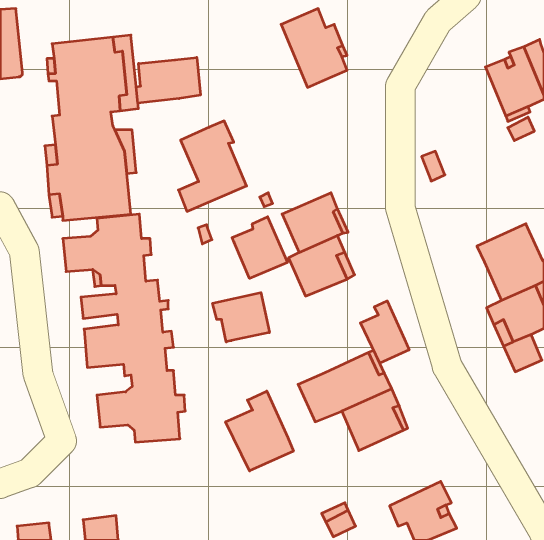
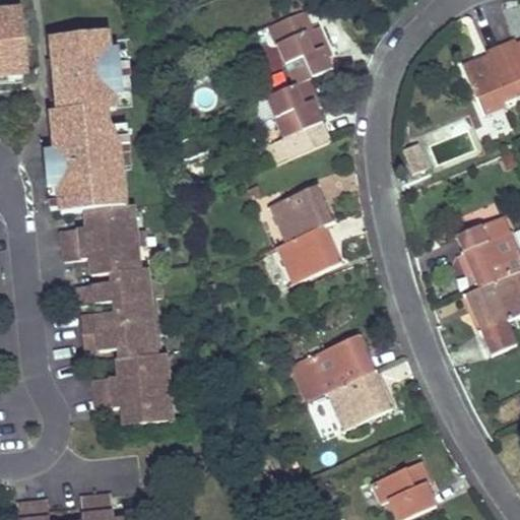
building: [136,57,200,103] -> none
building: [178,121,247,211] -> [264,77,329,164]
building: [232,217,287,278] -> none
building: [213,293,269,342] -> none
building: [360,301,409,363] -> none
building: [226,391,293,471] -> none

